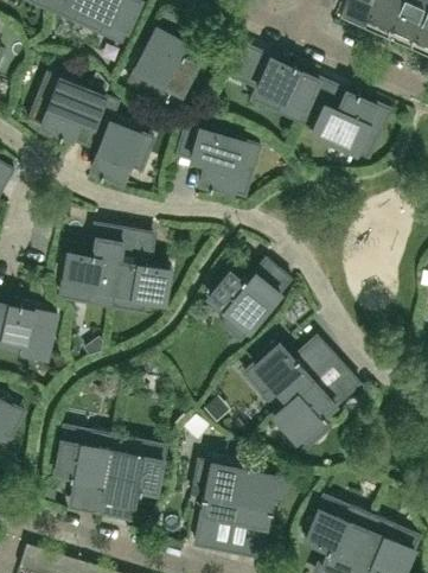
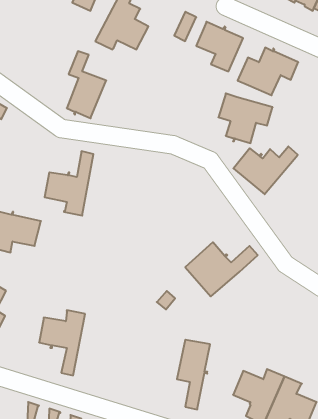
building: [28,79,106,140] -> none
building: [191,129,261,193] -> [218,93,273,143]
building: [111,230,171,310] -> none
building: [209,270,292,332] -> [233,146,298,194]
building: [274,373,360,441] -> none
building: [100,437,164,518] -> none
building: [196,464,244,550] -> none

